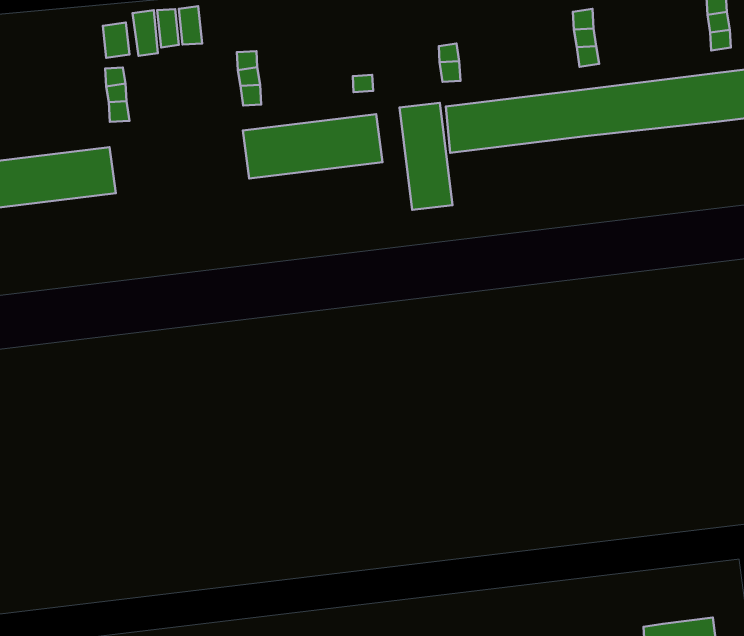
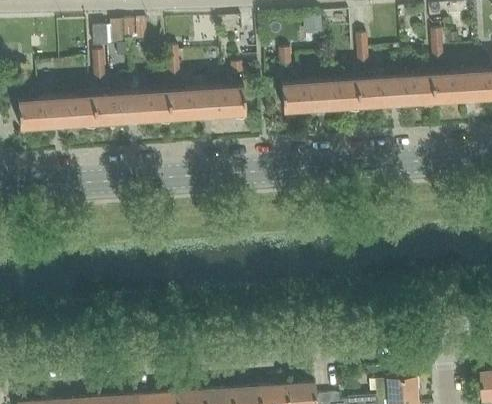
building: [400,103,453,210] -> none
building: none -> [93,91,170,122]

